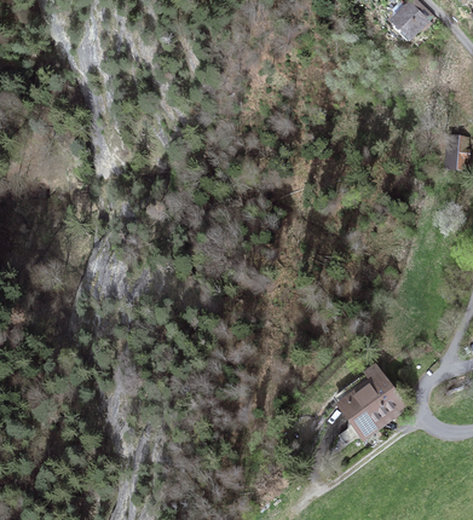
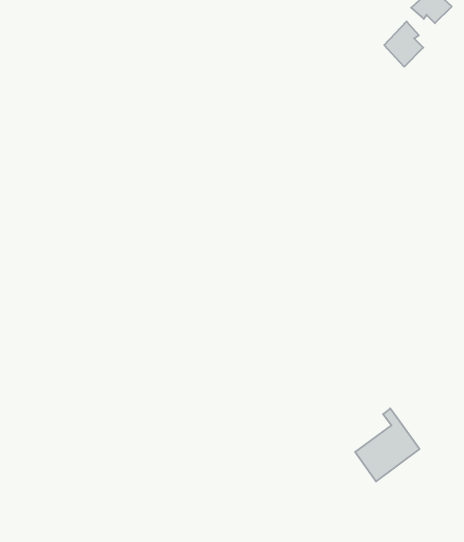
building: none -> [384,21,423,67]

